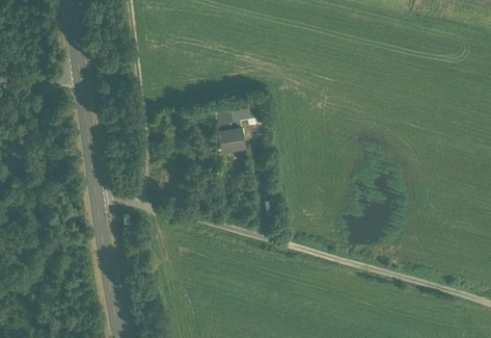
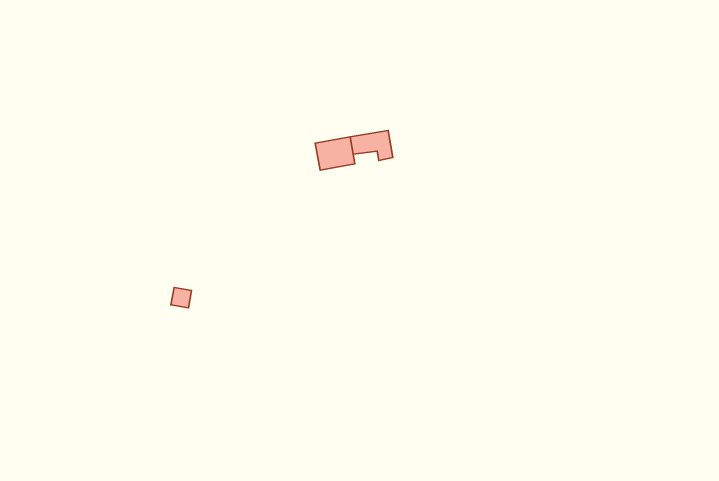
building: [217,125,245,148] -> none

